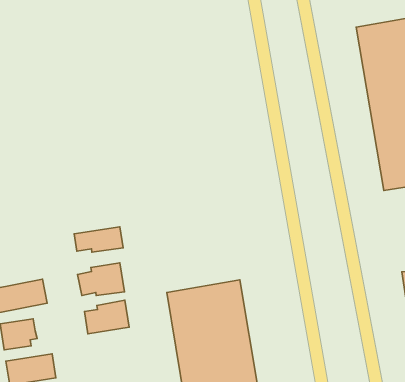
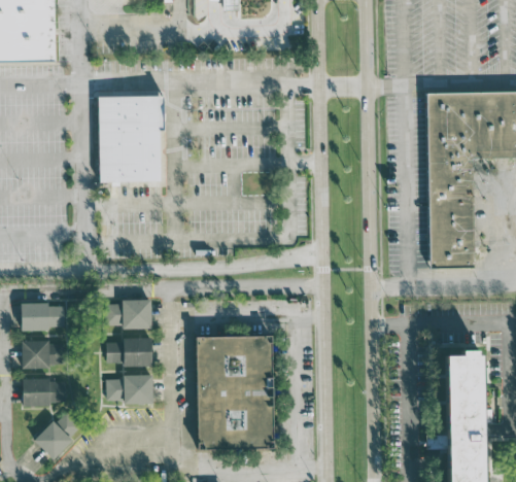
building: none -> [106,96,172,182]
building: [74,227,123,252] -> none
building: none -> [110,374,153,402]

